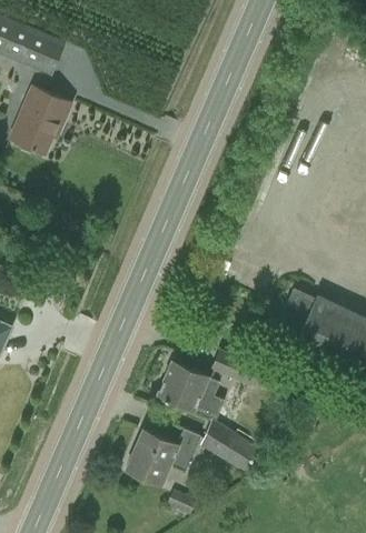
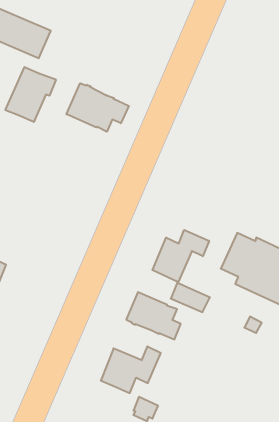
building: none -> [66,83,129,132]
building: none -> [152,230,209,282]
building: [201,422,259,471] -> none

